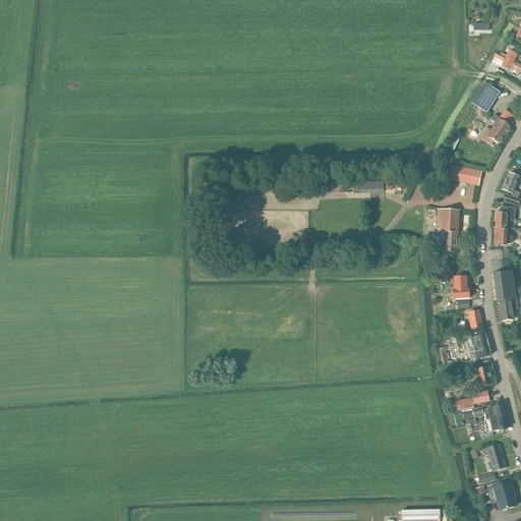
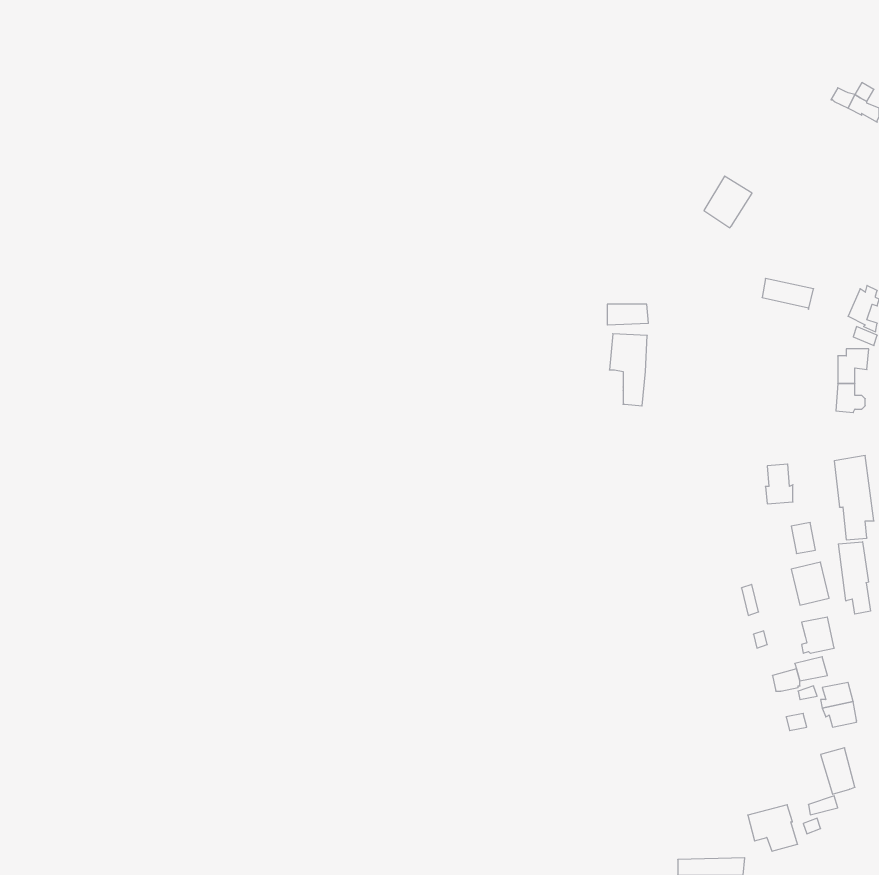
building: [471,80,500,111] -> [704,176,752,228]
building: [482,113,510,142] -> none
building: [437,209,459,251] -> [609,334,647,406]
building: none -> [838,542,870,614]
building: [486,481,516,509] -> [748,805,798,851]

